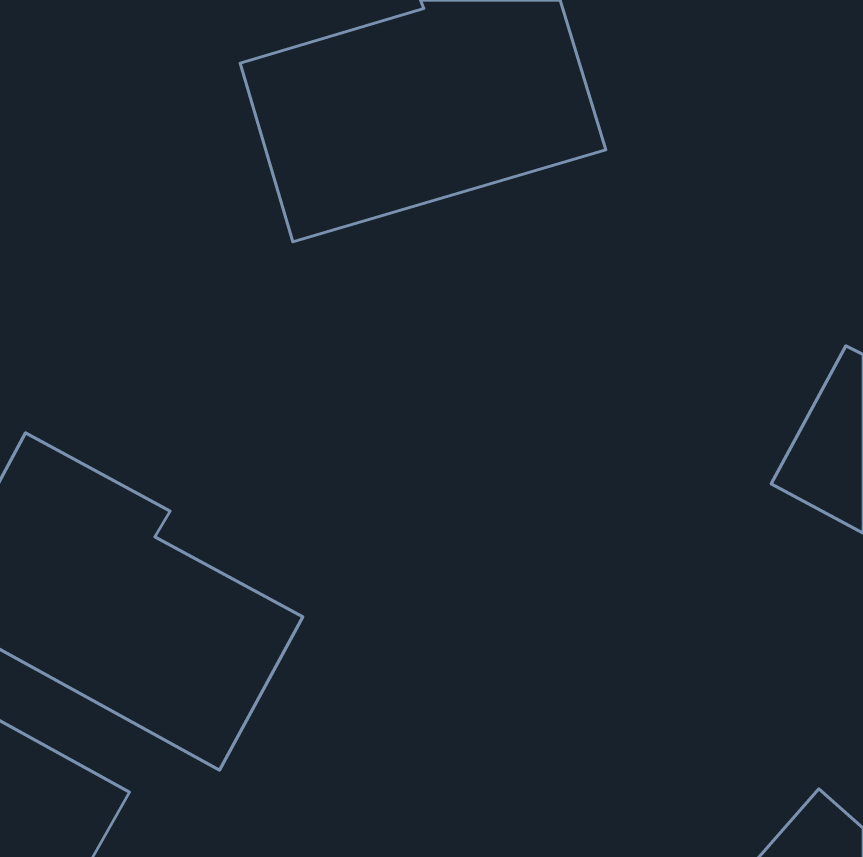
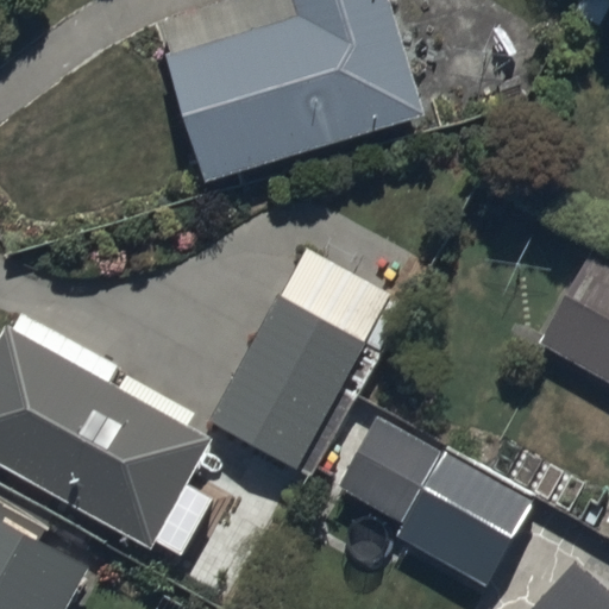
building: none -> [207,251,383,471]
building: none -> [334,415,538,591]

